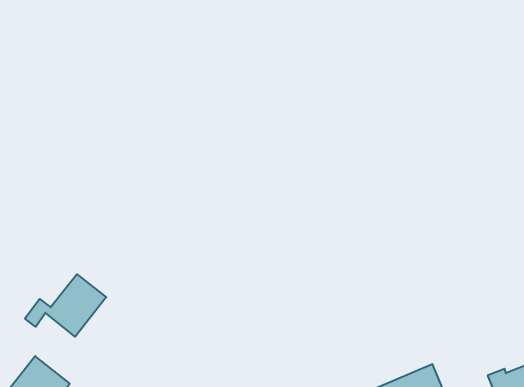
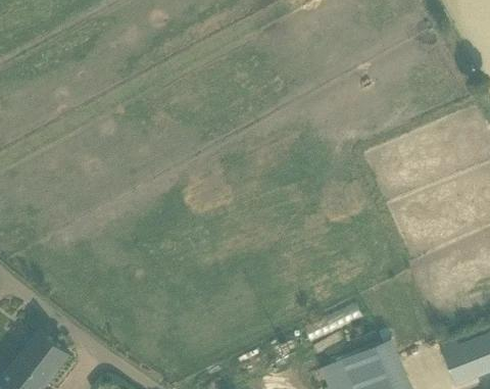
building: [25,274,106,337] -> none

